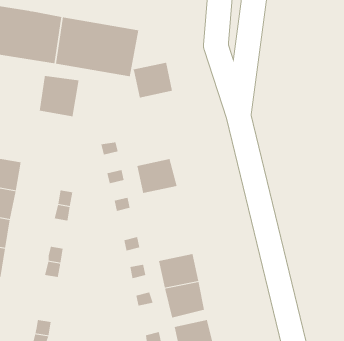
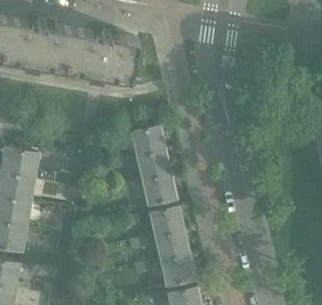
building: [132,62,173,98] -> [130,124,165,155]
building: [39,75,79,117] -> none
building: none -> [142,172,176,204]
building: none -> [150,205,184,236]

